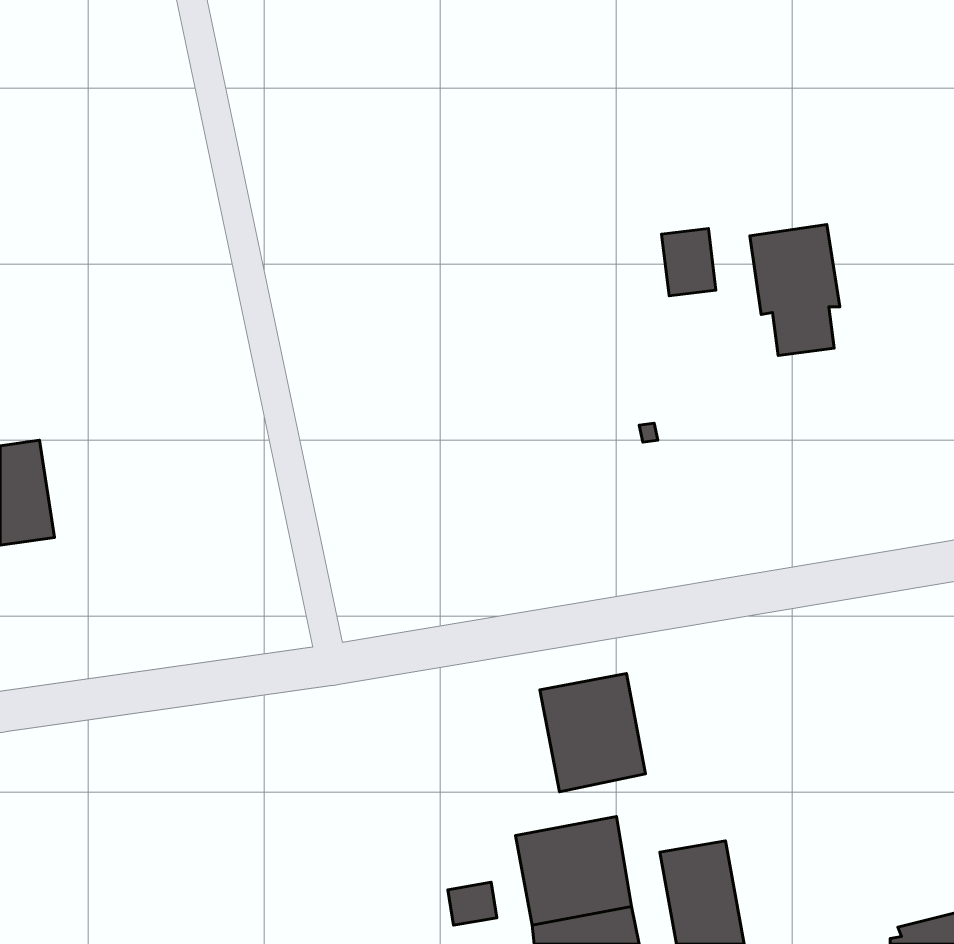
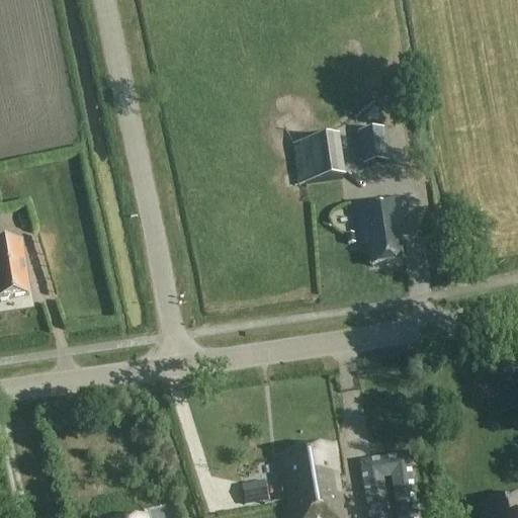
building: [750,225,840,356] -> [359,192,408,263]
building: none -> [293,133,346,179]
building: [540,673,645,792] -> none

